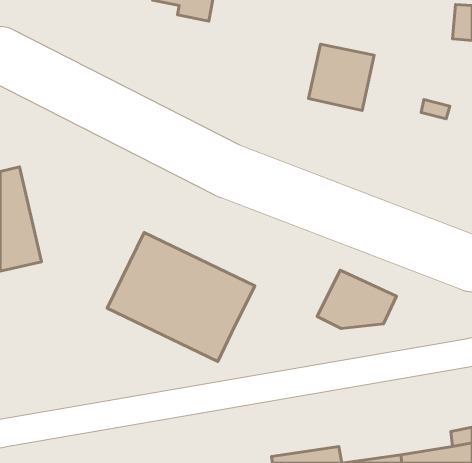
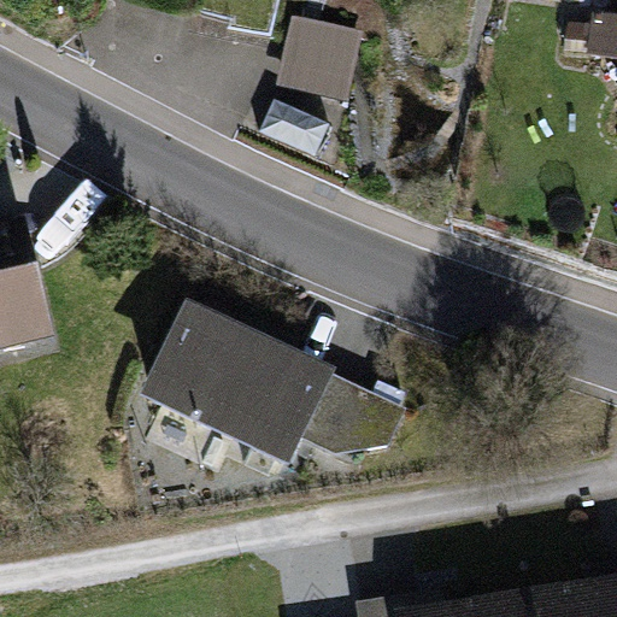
building: [309,44,374,111] -> [277,11,363,98]
building: [317,270,397,328] -> [302,374,406,449]

